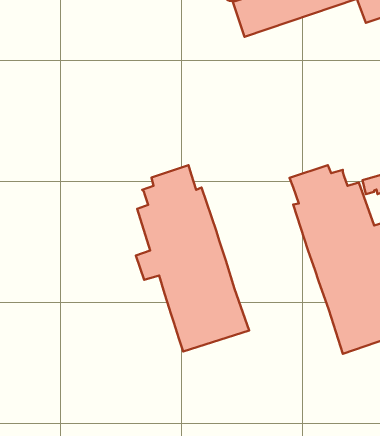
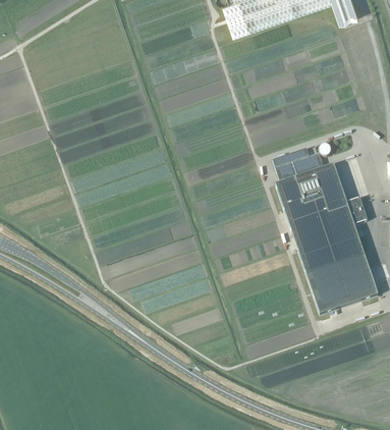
building: [136,165,249,352] -> none

